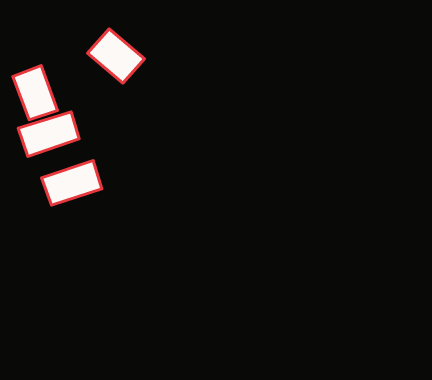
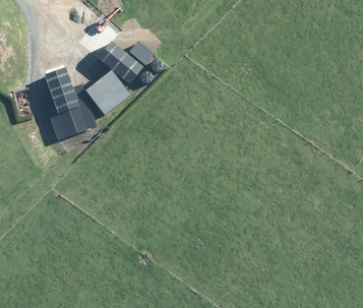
building: none -> [85,69,130,114]
building: [41,161,102,205] -> none

